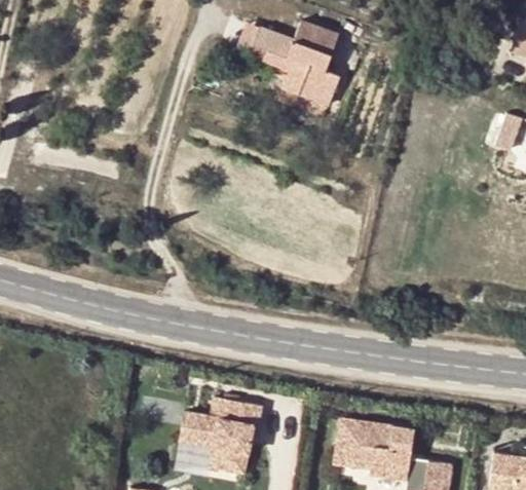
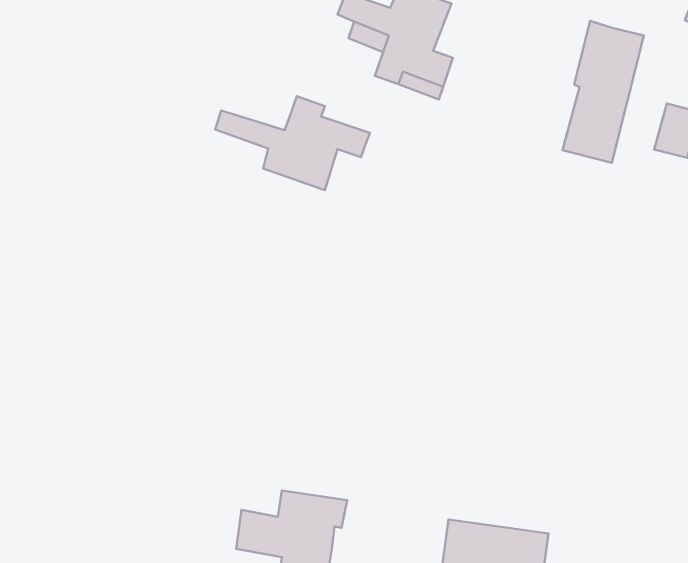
building: none -> [563,21,644,163]
building: none -> [215,96,370,190]

